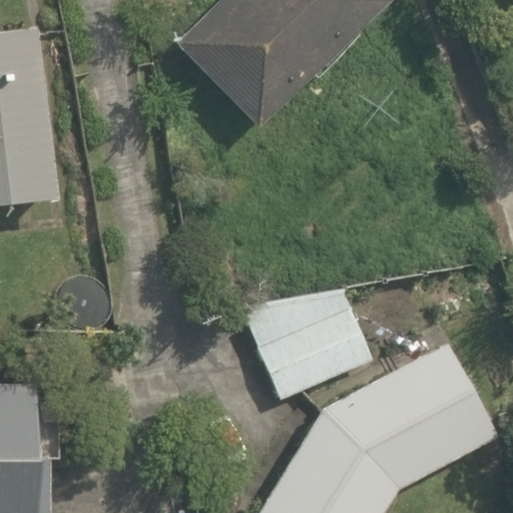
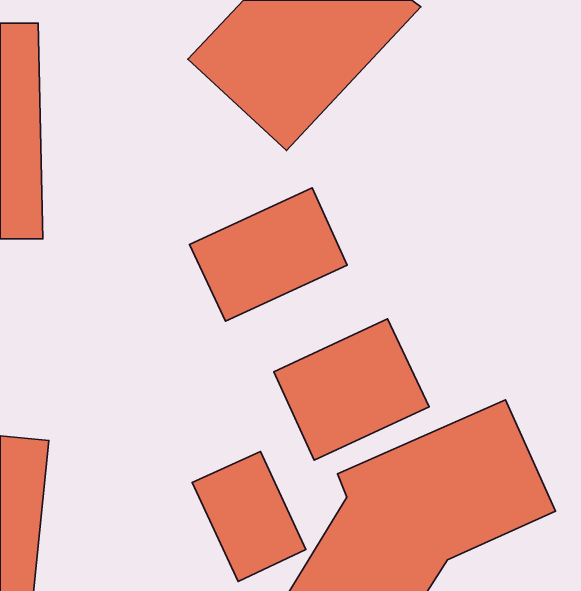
building: none -> [189,188,347,321]
building: none -> [192,451,306,581]

